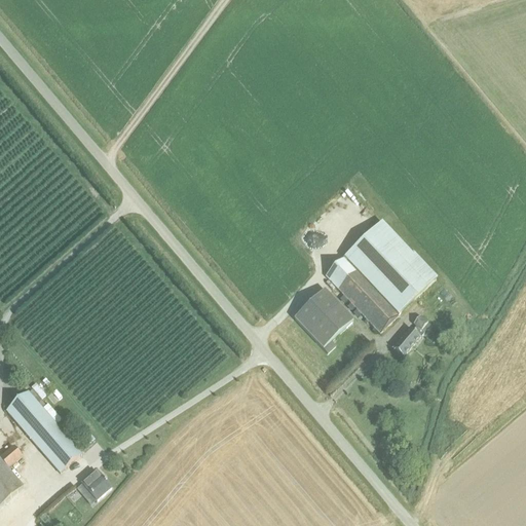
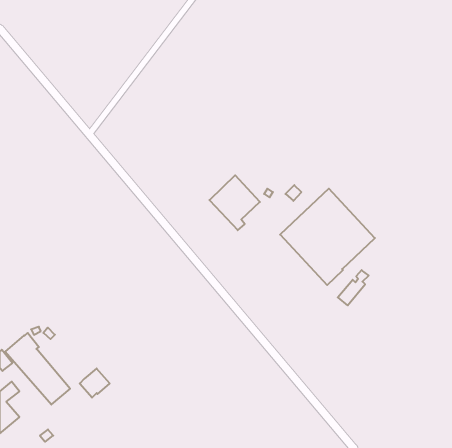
building: [294,287,352,350] -> [209,175,260,230]
building: [76,468,111,502] -> [80,368,110,398]

